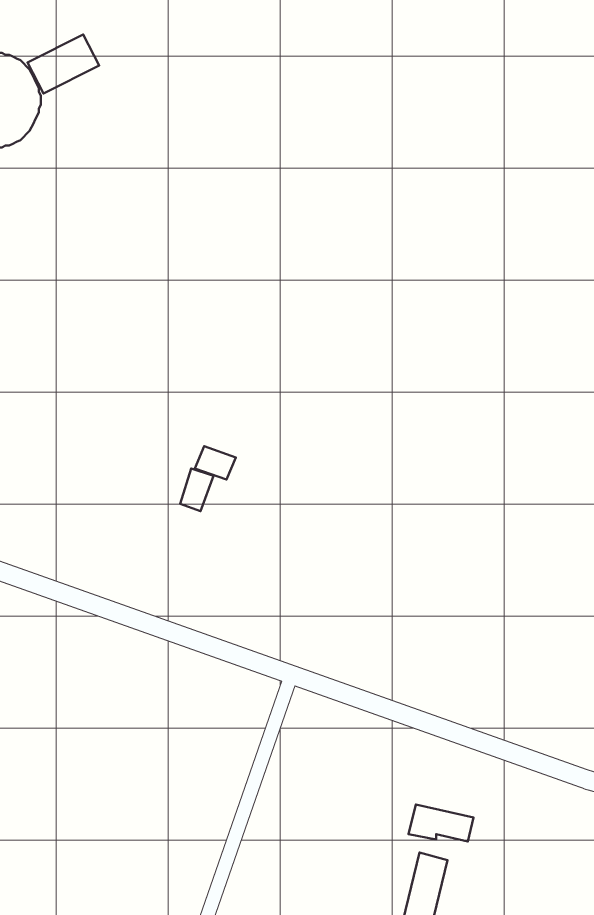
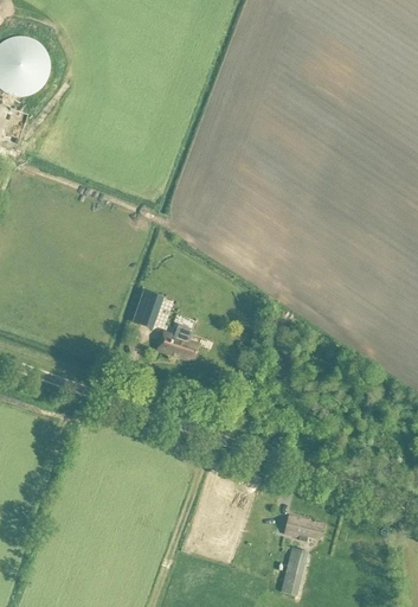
building: [27,34,99,93] -> none
building: none -> [157,332,200,360]

